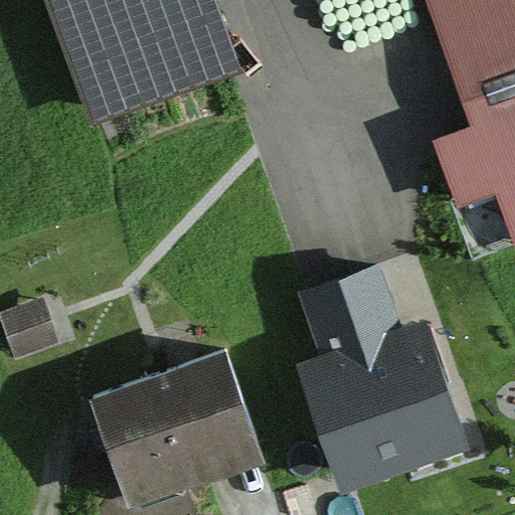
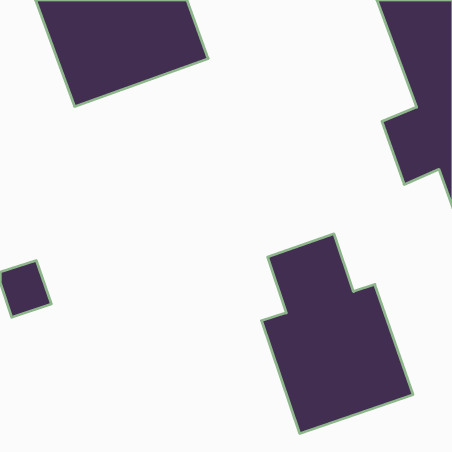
building: [88,350,260,506] -> none

